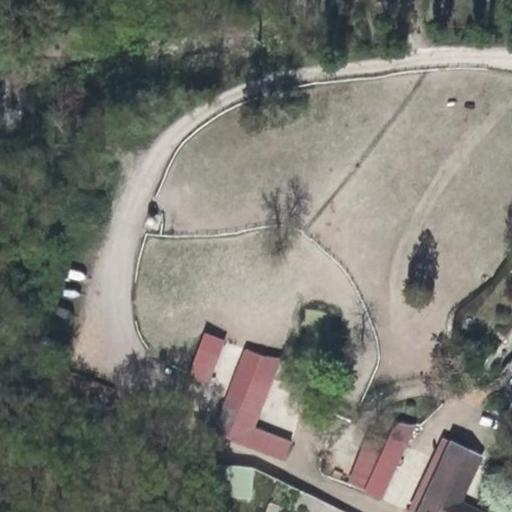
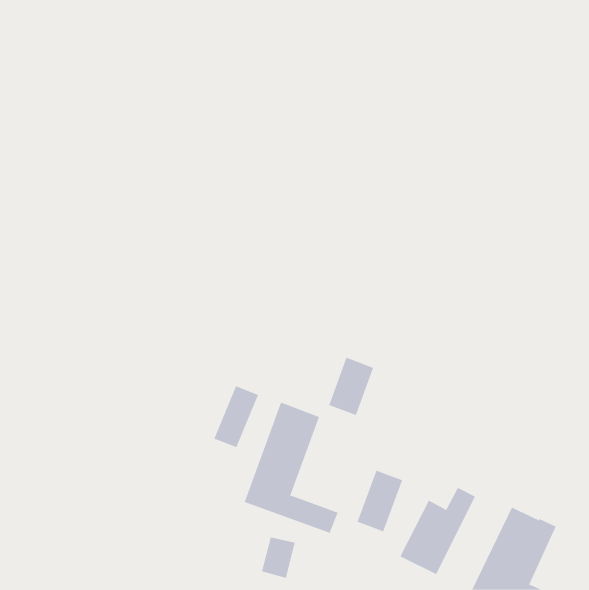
building: none -> [328,357,374,416]
building: none -> [357,470,403,532]

